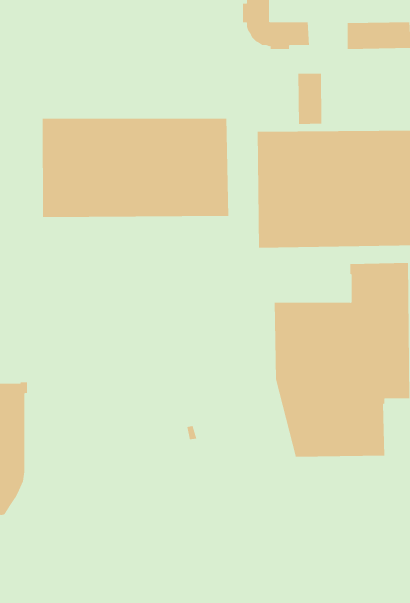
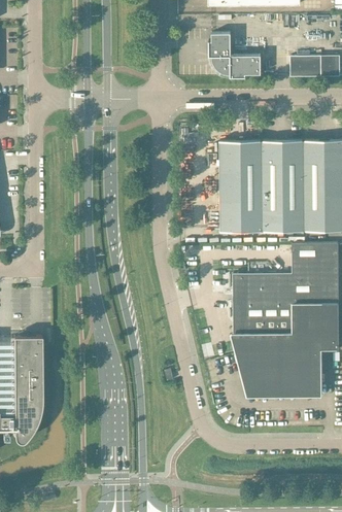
building: [298,73,322,125] -> none
building: [42,118,229,218] -> none

